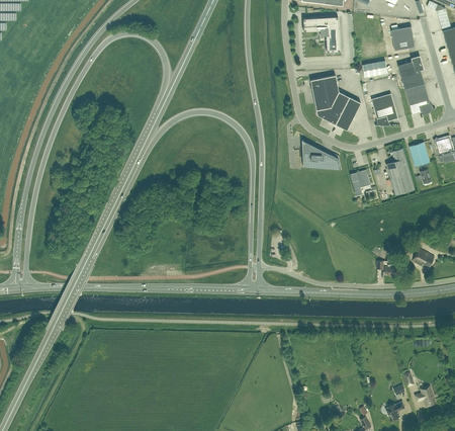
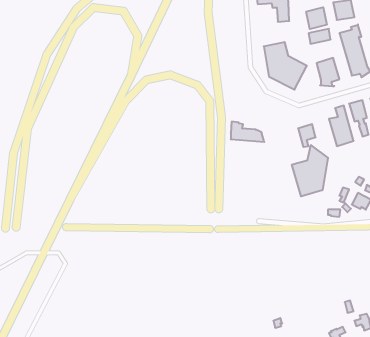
building: none -> [306,7,327,29]
building: [302,146,341,169] -> [231,122,264,142]
building: none -> [292,145,328,196]

